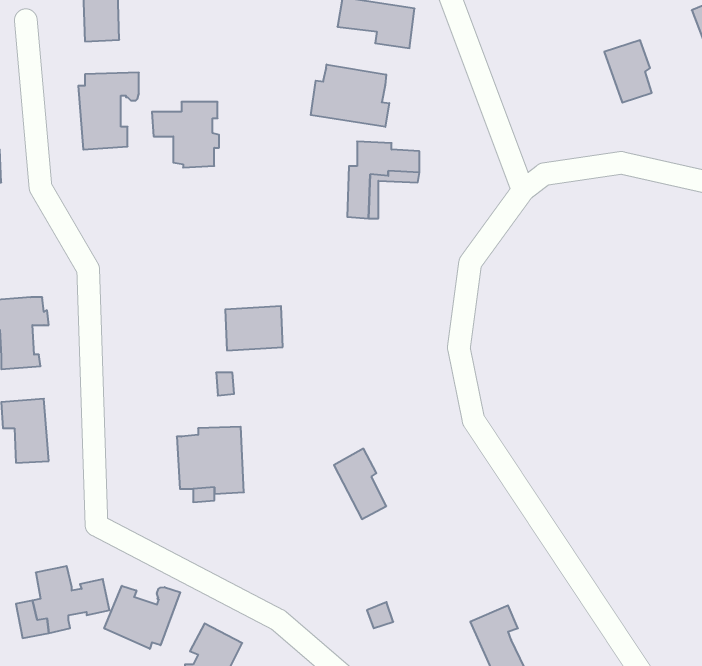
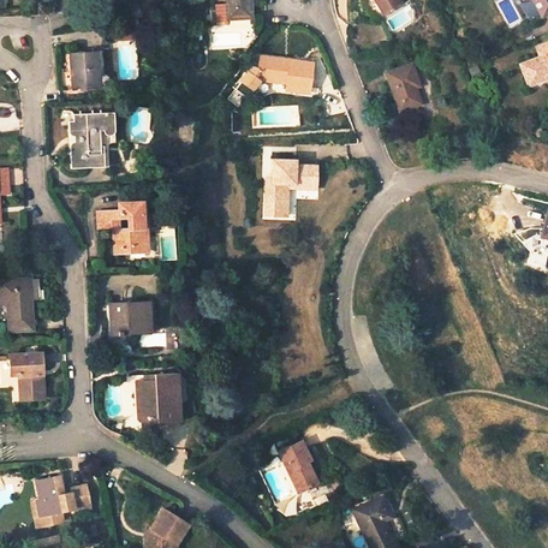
building: [604,40,652,103] -> [386,67,421,113]
building: [311,64,389,127] -> none
building: [152,102,219,168] -> [100,203,149,251]
building: [225,306,283,350] -> [112,300,154,333]
building: [334,449,386,519] -> [276,439,315,490]
building: [104,586,180,649] -> none

